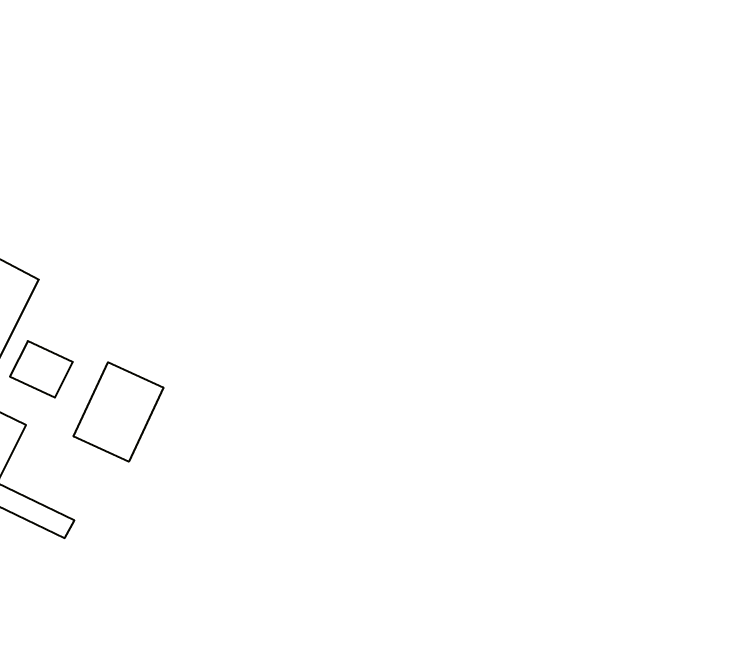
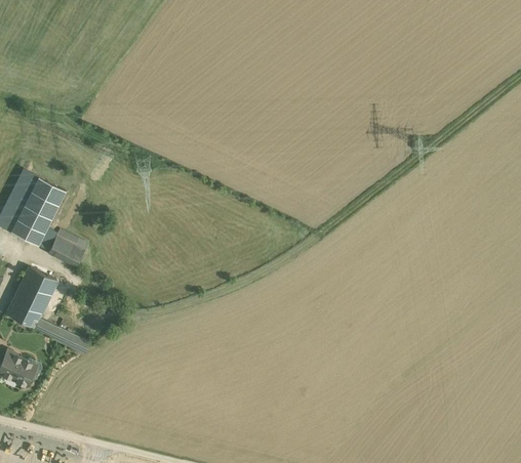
building: [74,362,163,462] -> none

